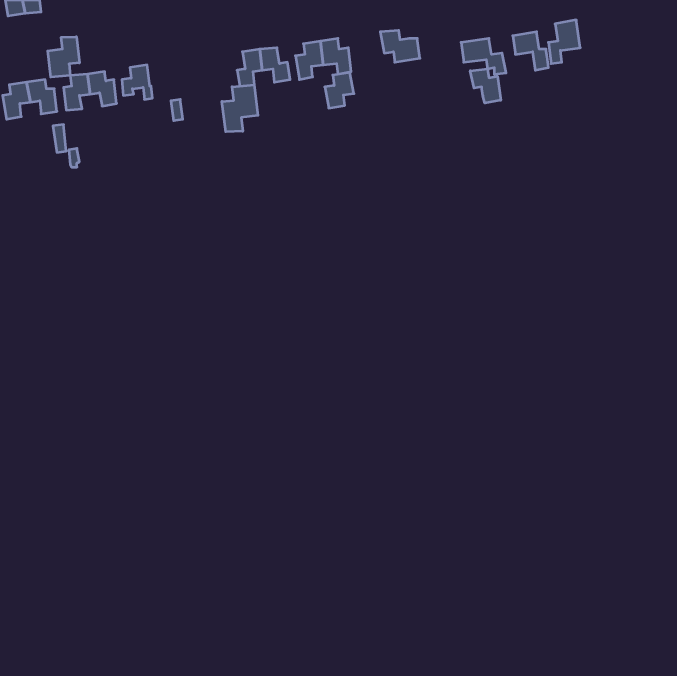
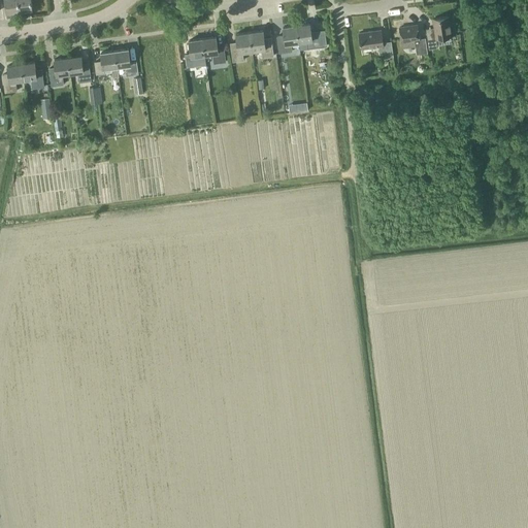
building: [48,37,79,77] -> none
building: none -> [114,50,138,76]
building: [470,69,501,103] -> none
building: [325,72,354,108] -> [276,26,299,54]
building: [222,85,258,132] -> none

